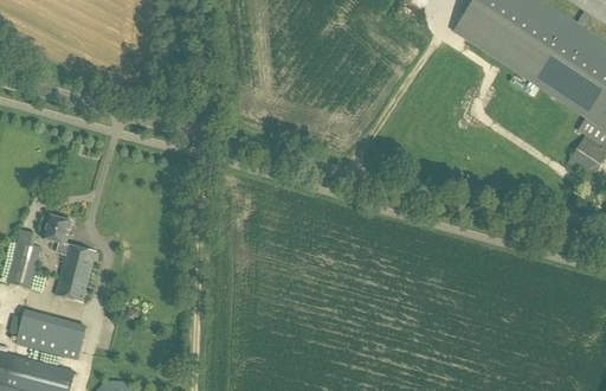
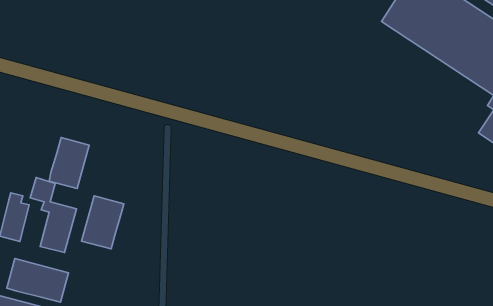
building: none -> [49,137,89,189]
building: none -> [82,196,124,249]

